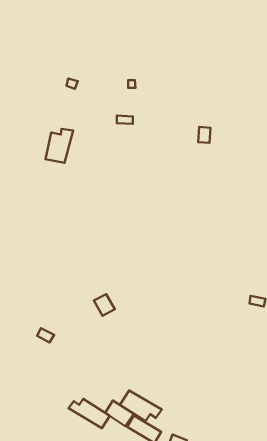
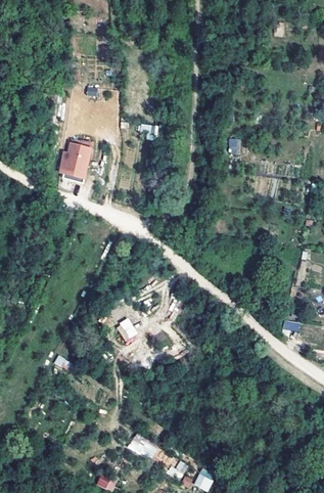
building: [120,390,162,421] -> none
building: [68,399,110,428] -> none

